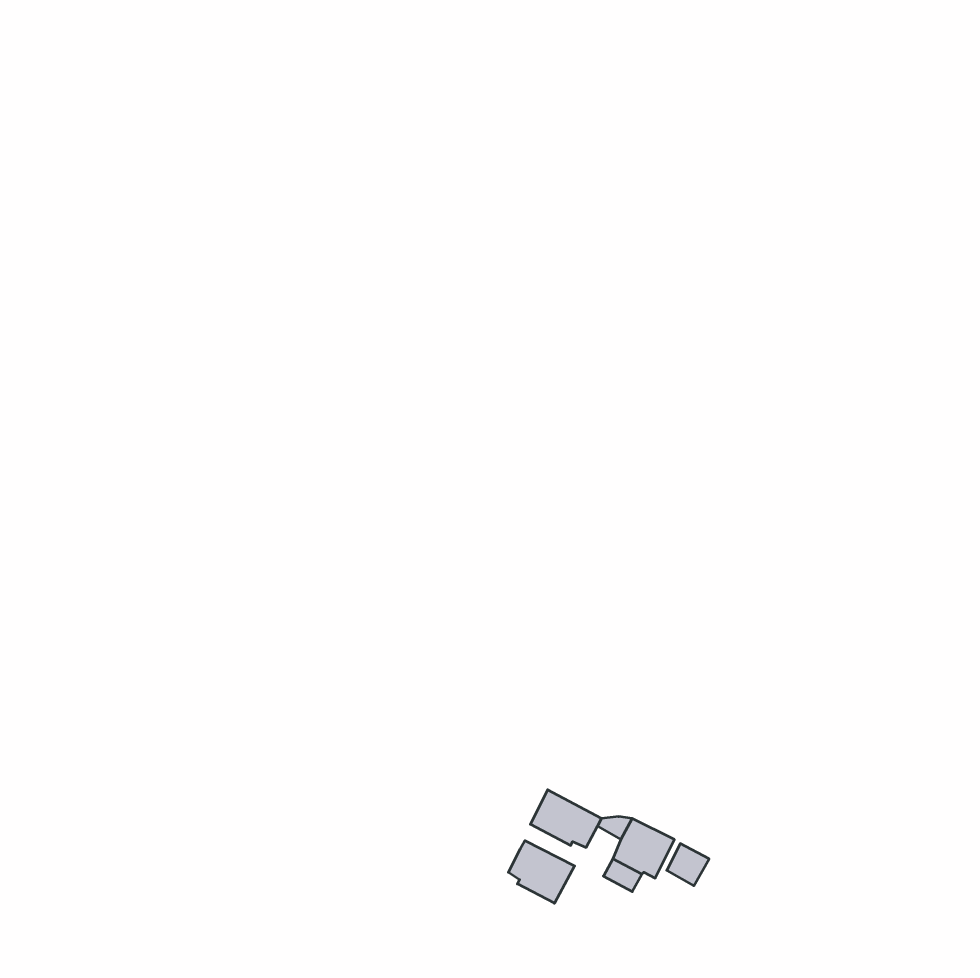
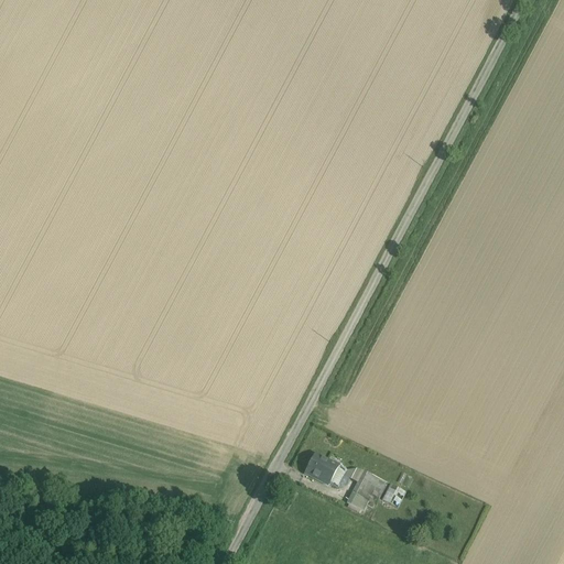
building: [508,841,575,903] -> none

